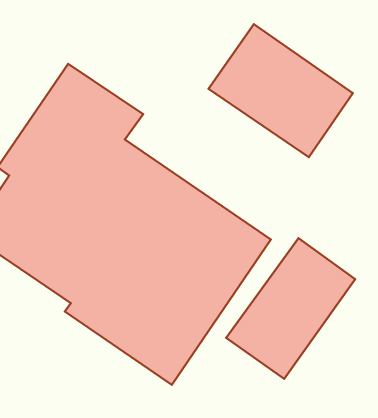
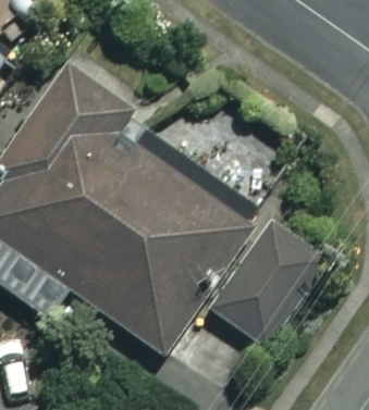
building: [209,24,353,157] -> none

